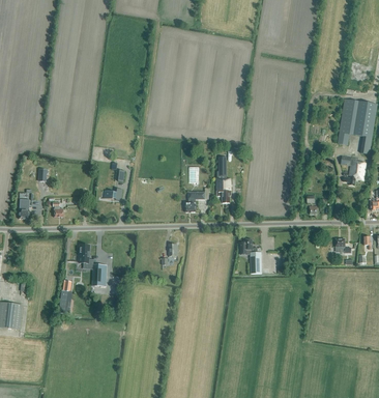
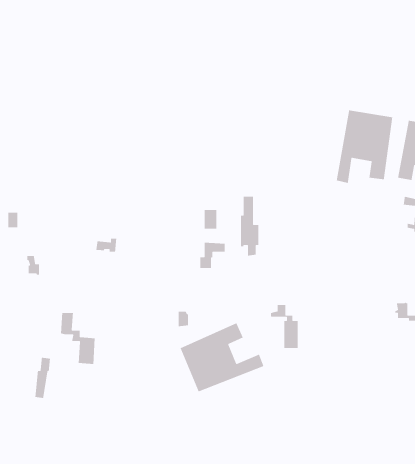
building: none -> [336,110,393,184]
building: none -> [180,322,264,393]

